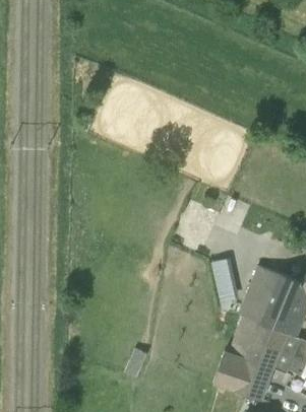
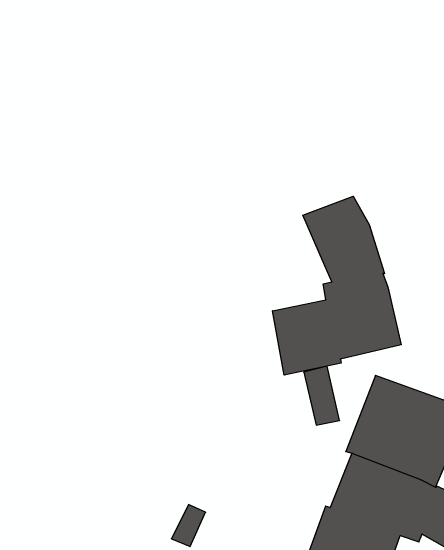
building: none -> [273,196,401,375]

